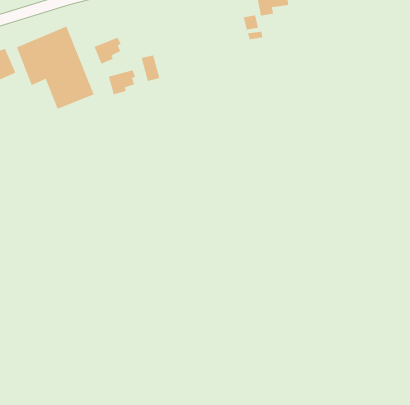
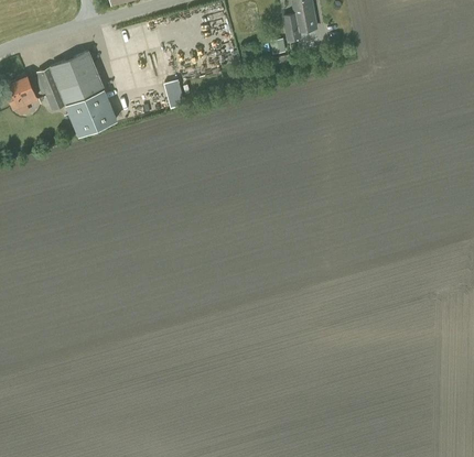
building: [94,37,121,64] -> none
building: [108,70,136,95] -> none

